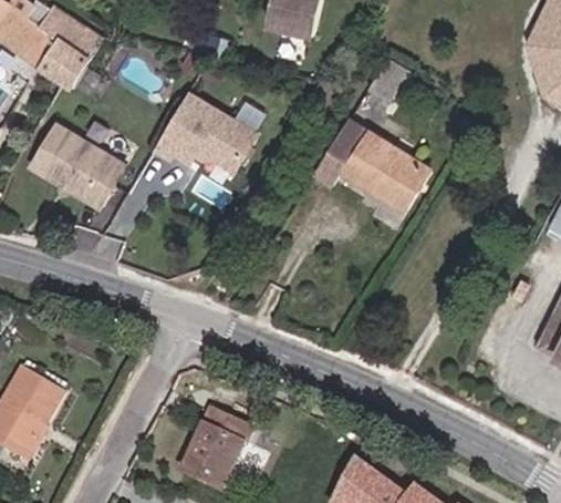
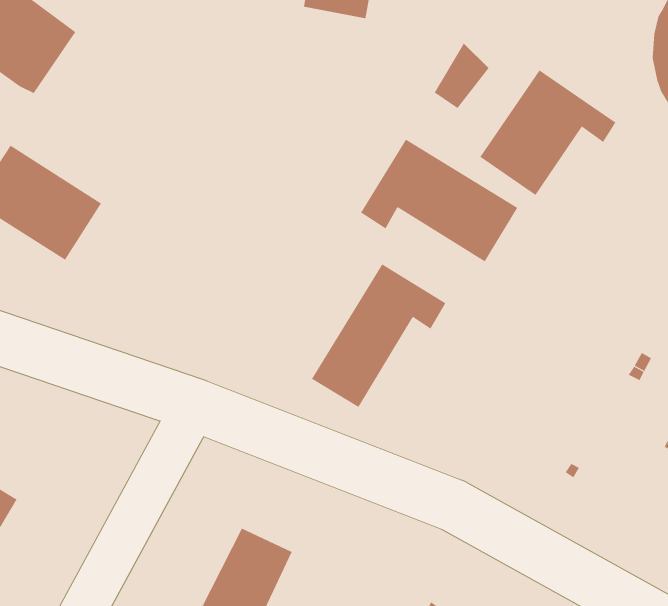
building: none -> [479,69,616,196]
building: [153,92,259,172] -> none
building: none -> [311,263,446,408]

